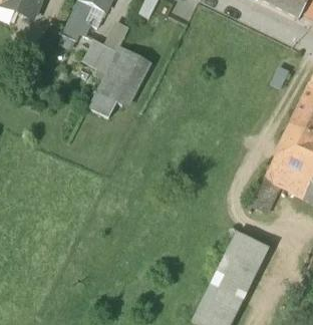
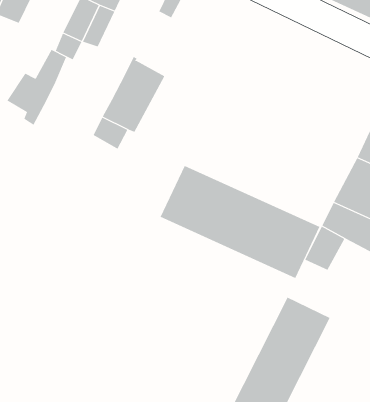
building: [82,20,128,78] -> [6,49,67,125]
building: none -> [160,165,320,279]

